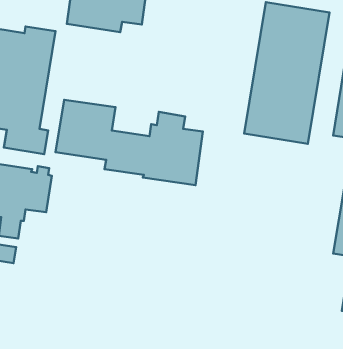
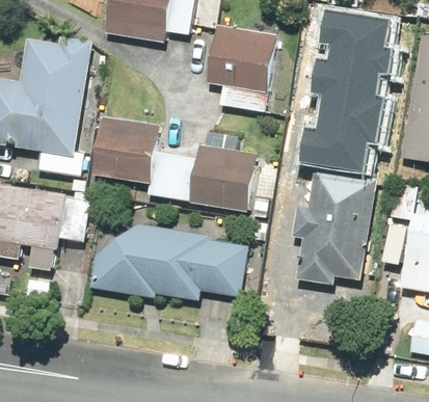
building: none -> [207,25,275,111]
building: none -> [292,168,377,286]
building: none -> [88,223,247,300]

